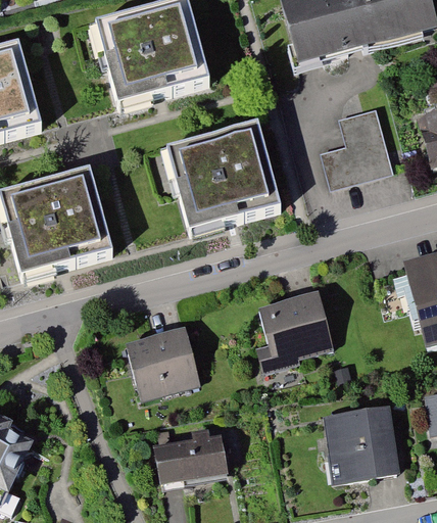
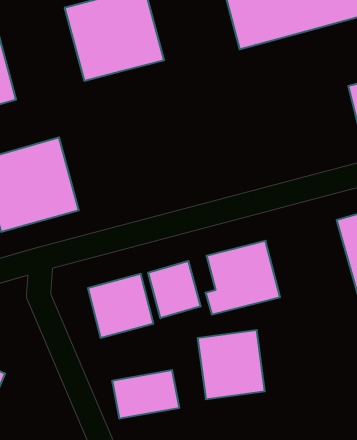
building: [317,106,392,189] -> none
building: [168,122,282,231] -> none
building: none -> [148,261,201,318]
building: [325,407,401,485] -> [198,330,265,399]

